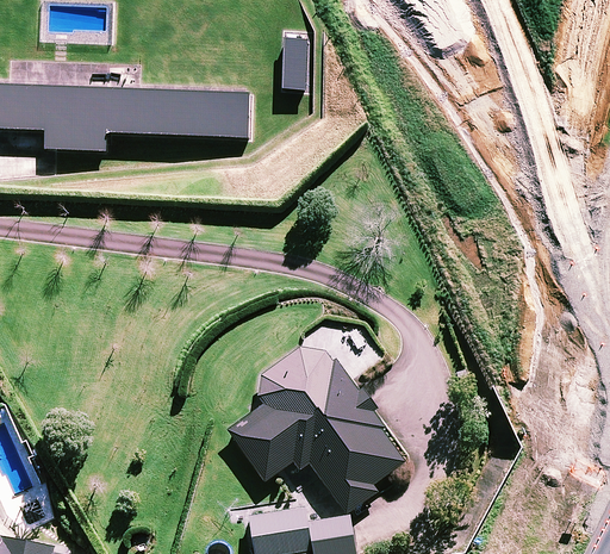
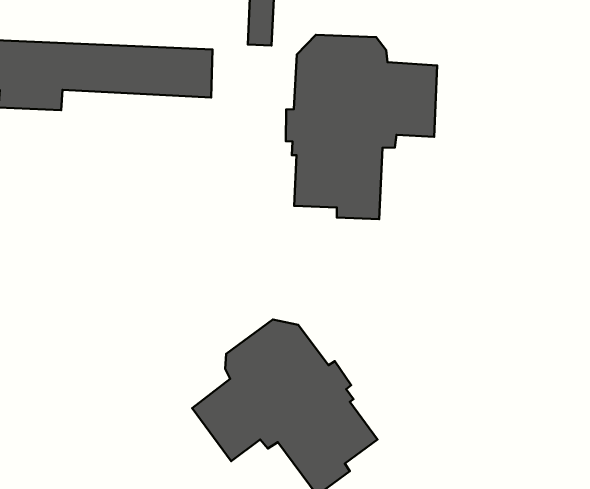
building: none -> [286,35,437,219]

